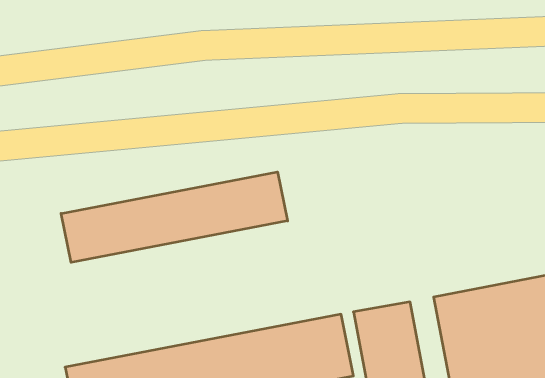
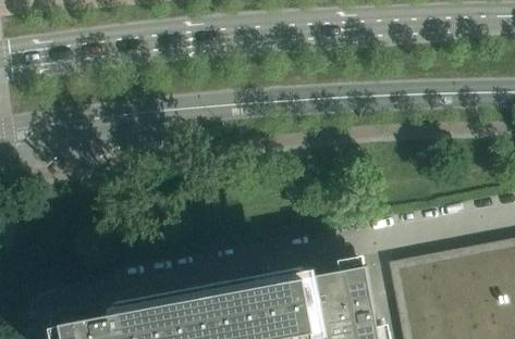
building: [61,172,288,262] -> none

